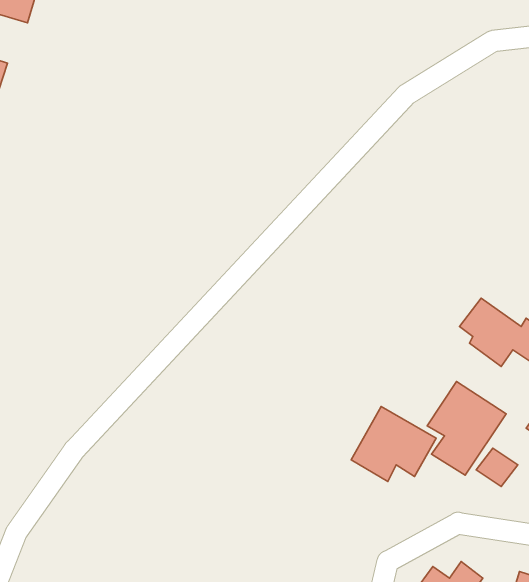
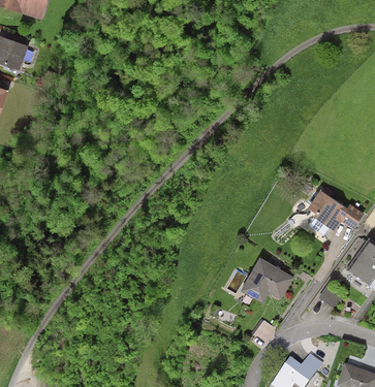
building: [427,382,506,475] -> none

